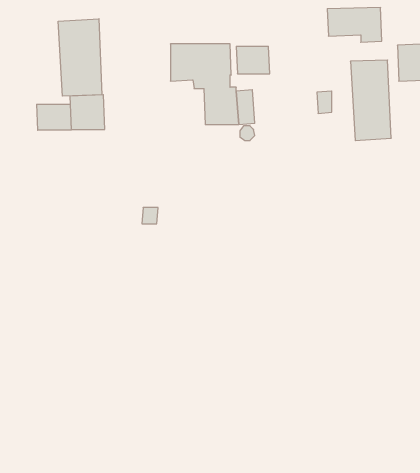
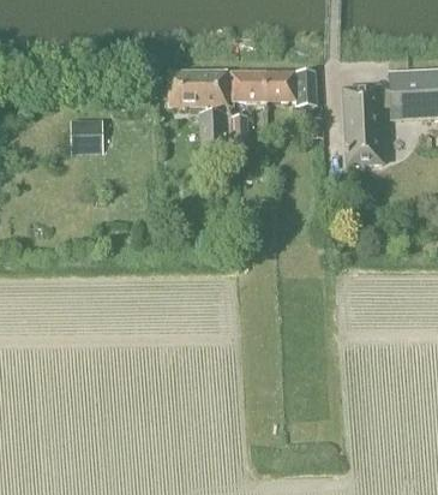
building: [327,8,382,42] -> [263,71,316,105]
building: [58,19,102,96] -> none
building: [37,104,71,130] -> none

